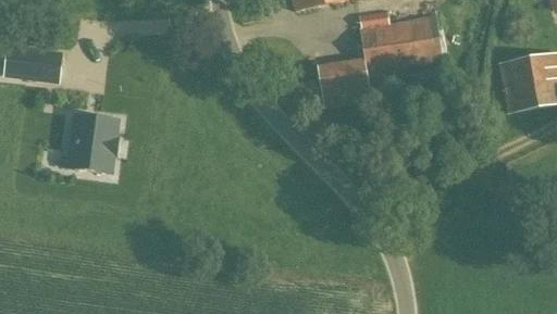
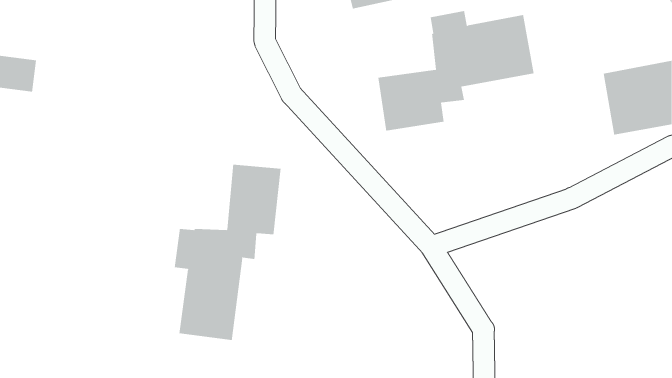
building: [69,114,119,173] -> none
building: none -> [174,164,281,341]

